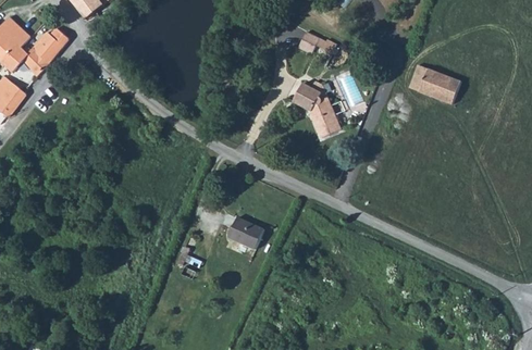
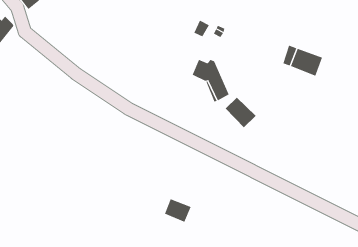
building: none -> [225,97,256,128]
building: [227,217,262,248] -> [164,198,192,222]

